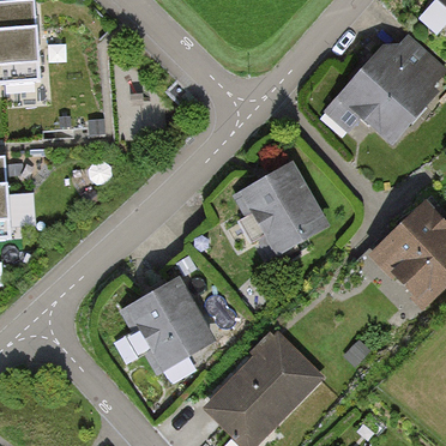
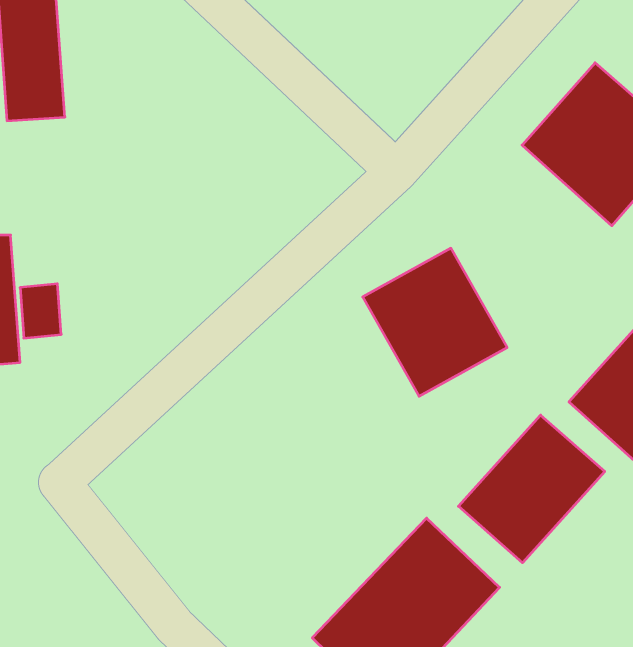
building: none -> [458,415,605,563]
building: [117,275,213,374] -> none

